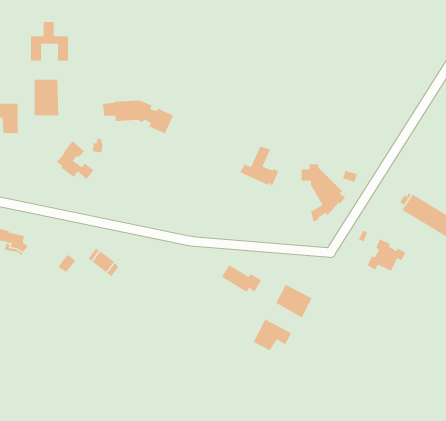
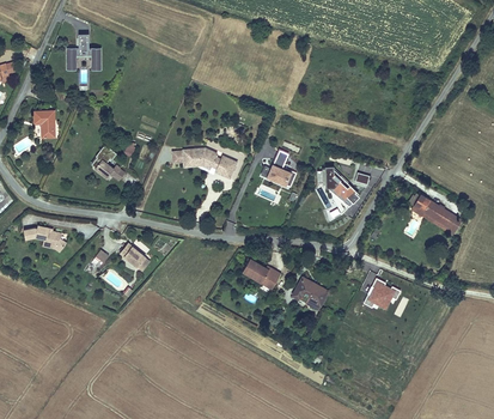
building: [34,79,59,116] -> none
building: [102,100,174,135] -> [171,147,238,180]
building: [367,238,407,272] -> [364,277,401,308]
building: [252,318,292,351] -> none

